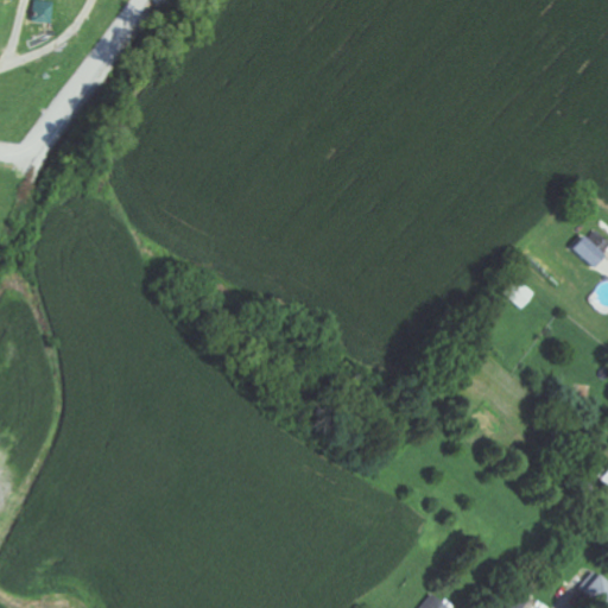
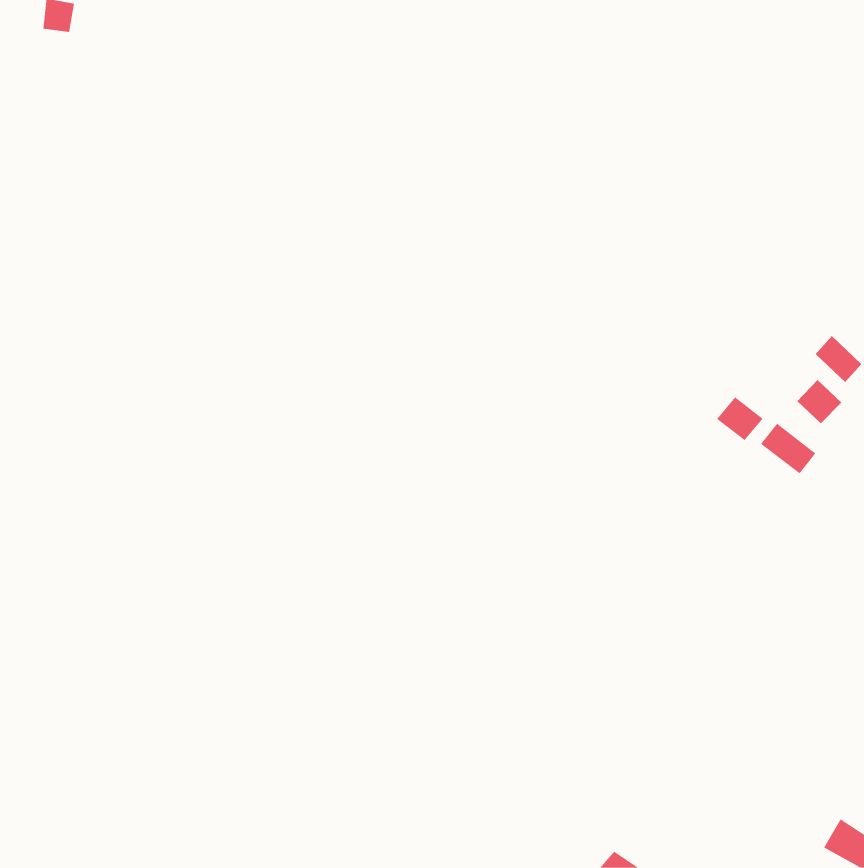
building: none -> [797,379,842,424]
building: none -> [760,423,816,474]

